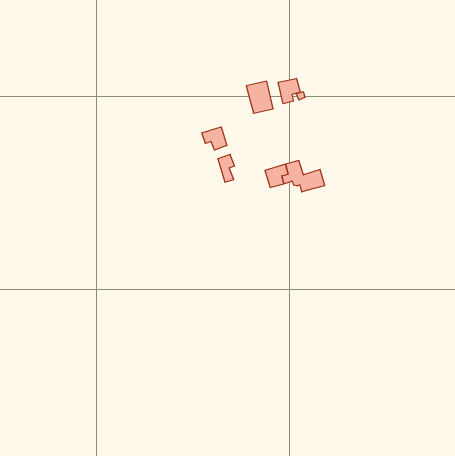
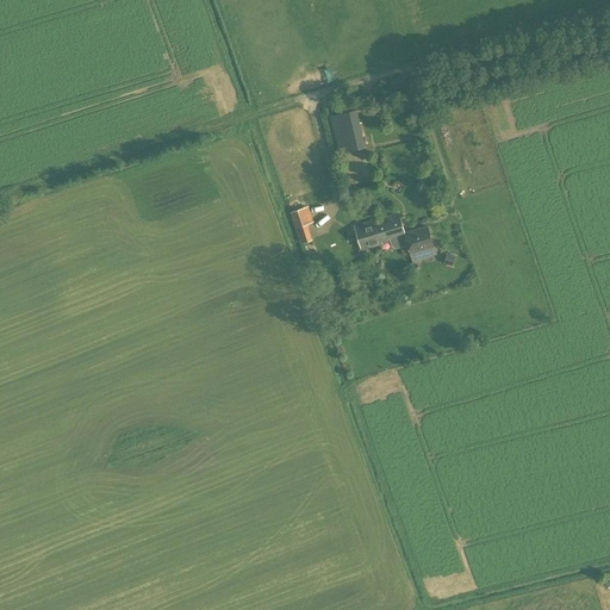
building: [278,78,300,104] -> none
building: [202,127,227,150] -> none

